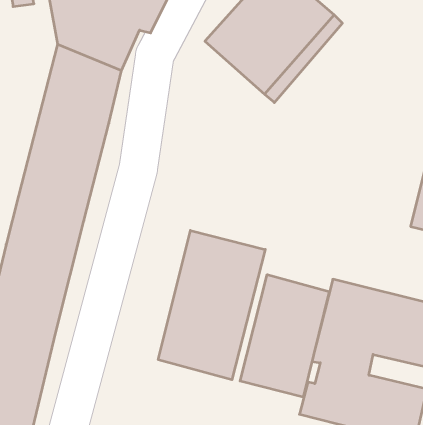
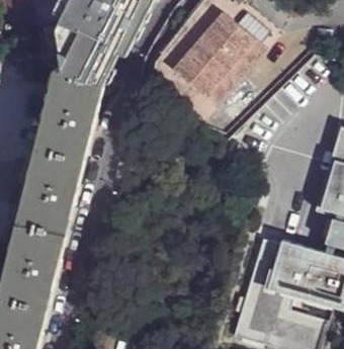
building: [158,230,265,380] -> none
building: [240,275,329,397] -> none

